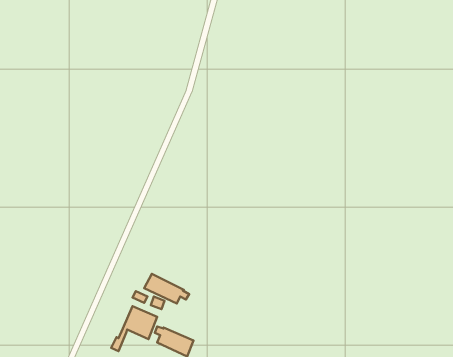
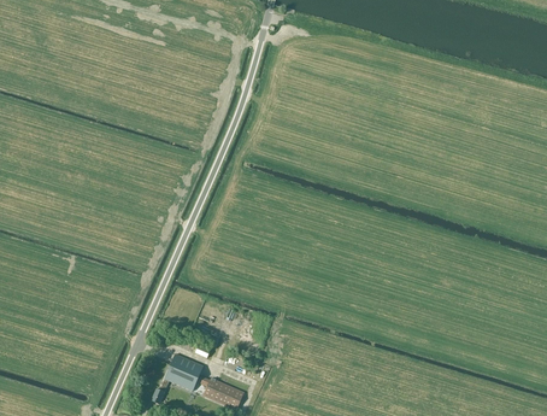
building: [144,274,189,303] -> none

